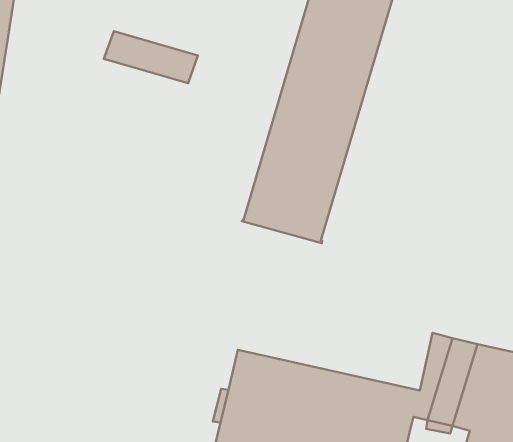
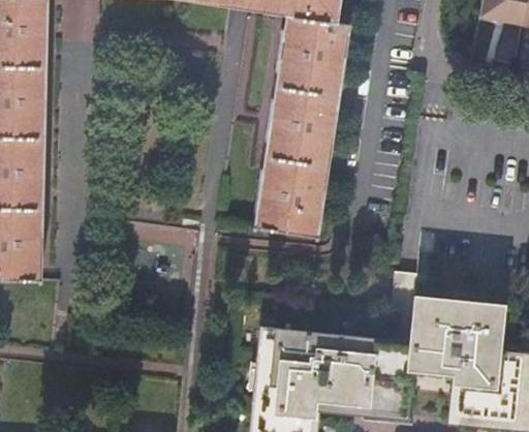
building: [104,31,198,83] -> none

